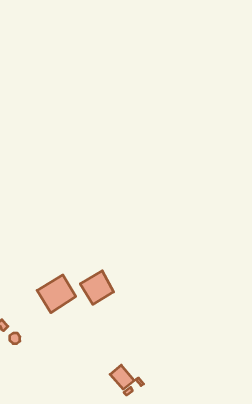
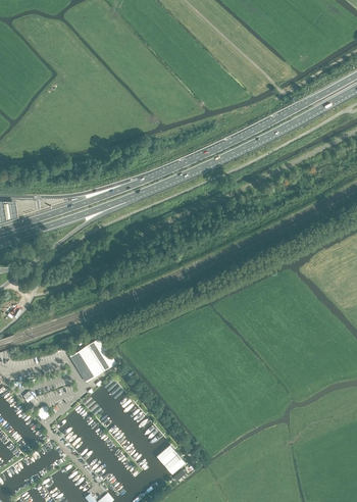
building: [80,271,114,304] -> none

